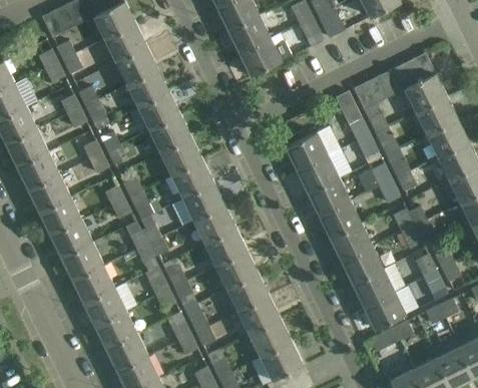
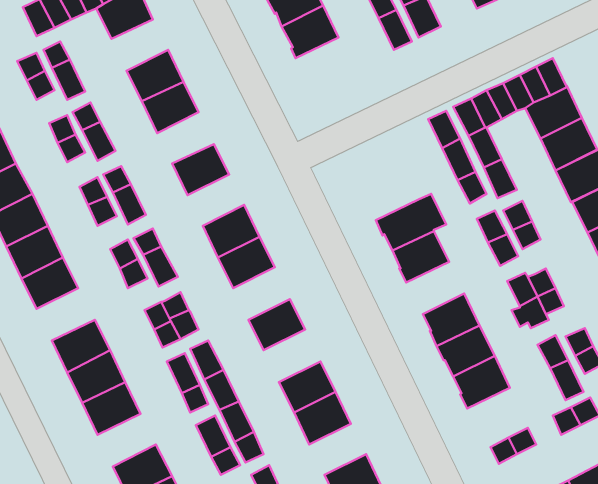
building: [105,25,146,62] -> none
building: [238,33,291,76] -> none
building: [138,92,179,129] -> none
building: [286,127,340,170] -> none
building: [160,137,201,174] -> none
building: [319,201,361,239] -> none
building: [193,205,234,243] -> none
building: [51,220,93,258] -> none
building: [215,250,257,288] -> none
building: [363,292,416,330] -> none
building: [95,311,137,349] -> none
building: [249,318,290,355] -> none

